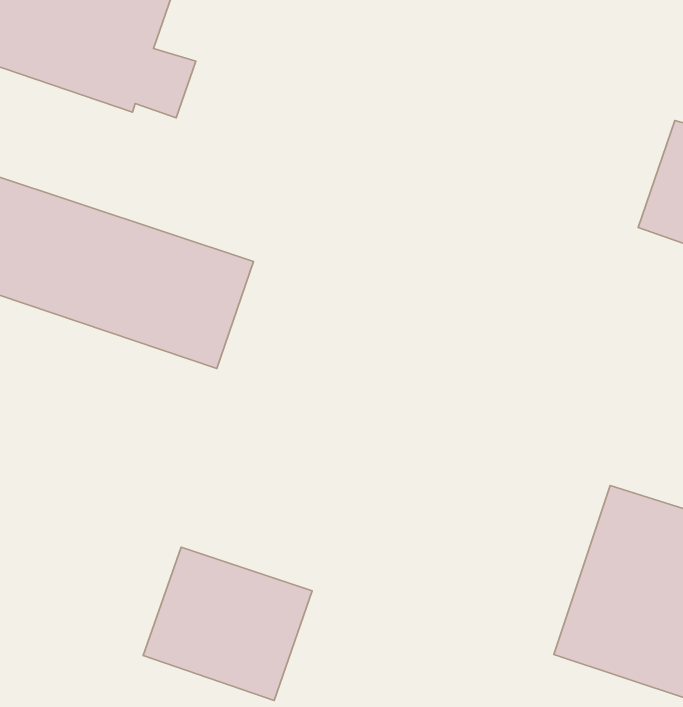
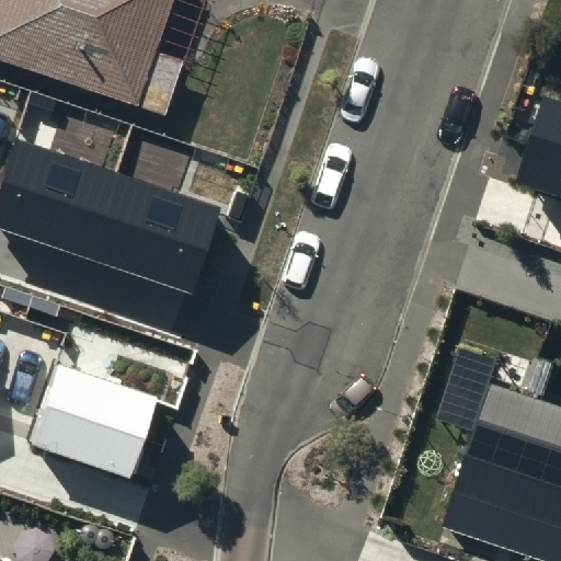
building: [143,547,312,701] -> [28,363,160,482]

